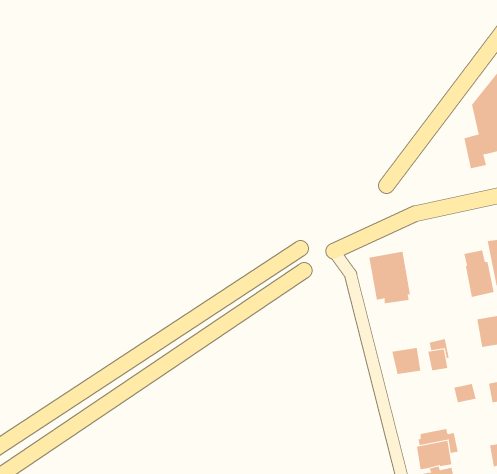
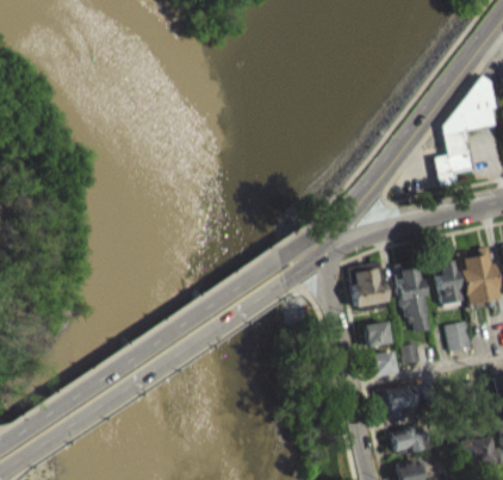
building: none -> [398,268,430,332]
building: none -> [364,322,391,348]
building: none -> [381,384,416,417]

